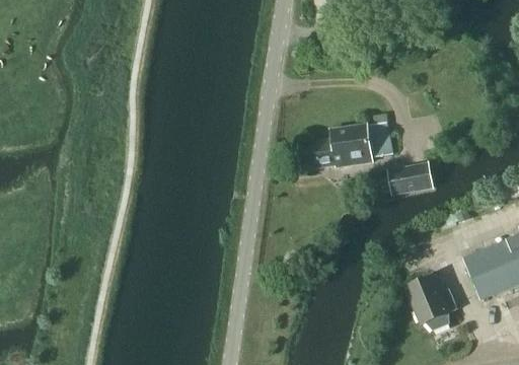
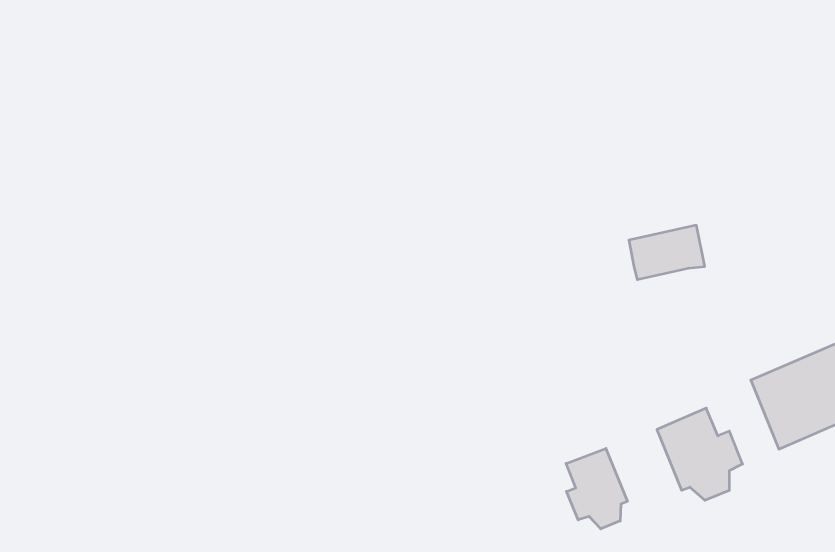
building: [300,122,394,168] -> none
building: none -> [566,448,627,529]

